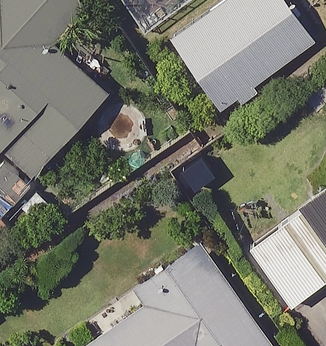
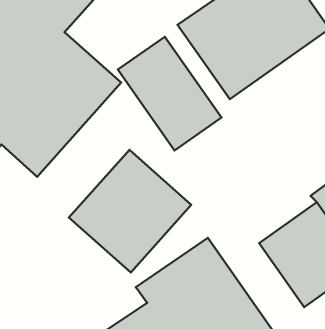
building: none -> [118,37,221,150]
building: none -> [69,150,191,273]

